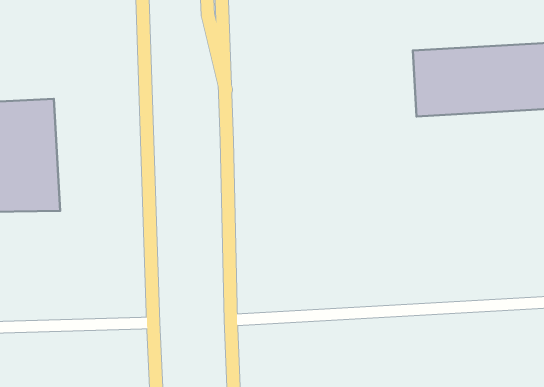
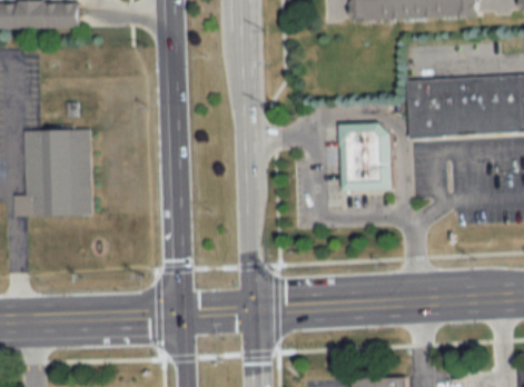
building: none -> [338,123,392,190]

